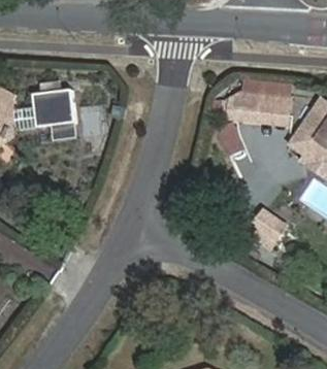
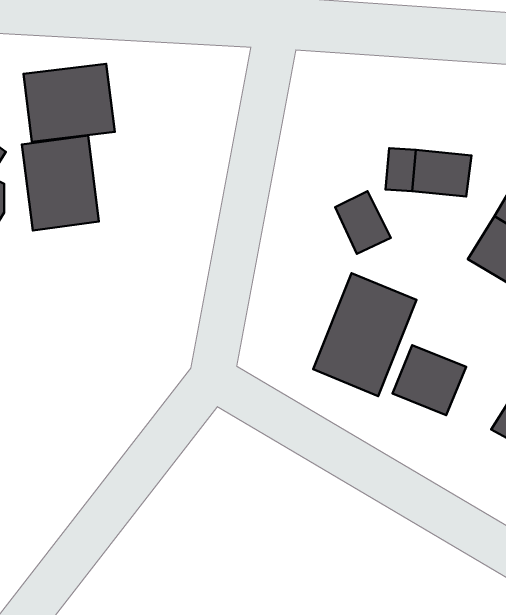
building: none -> [23,64,115,142]
building: none -> [313,273,417,396]

